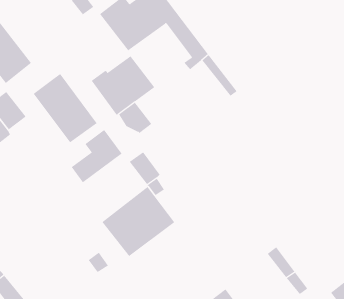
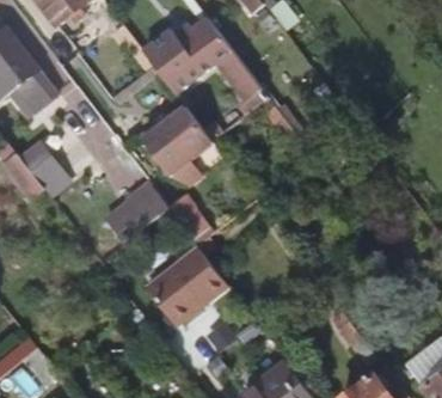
building: [33,73,98,143] -> none

